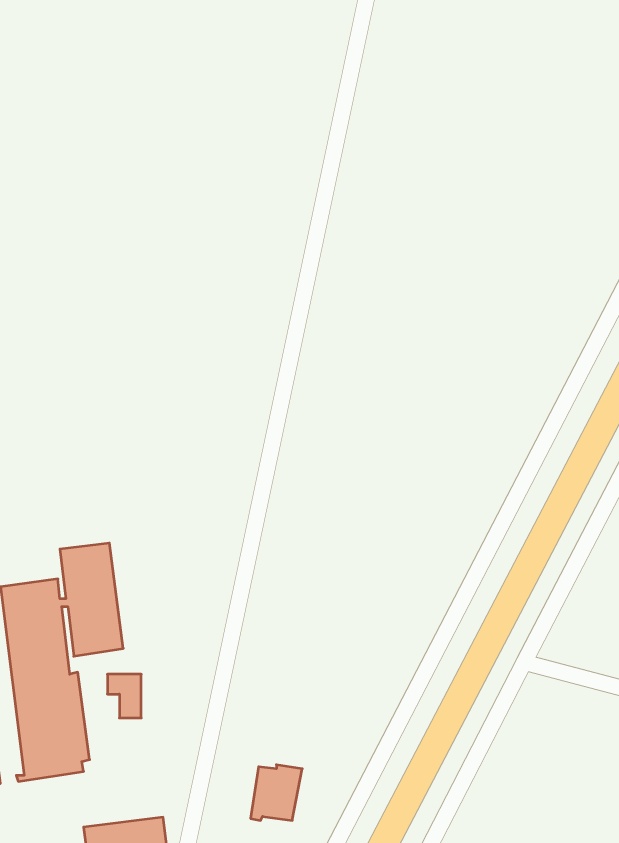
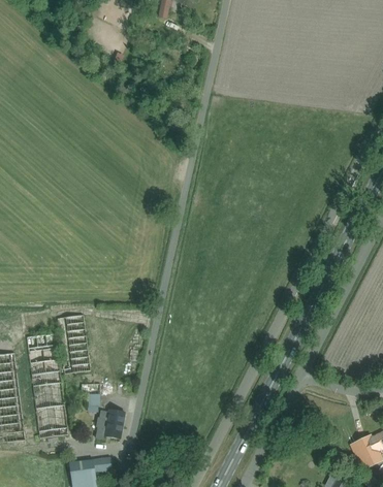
building: [251,765,302,820] -> [96,410,123,439]

